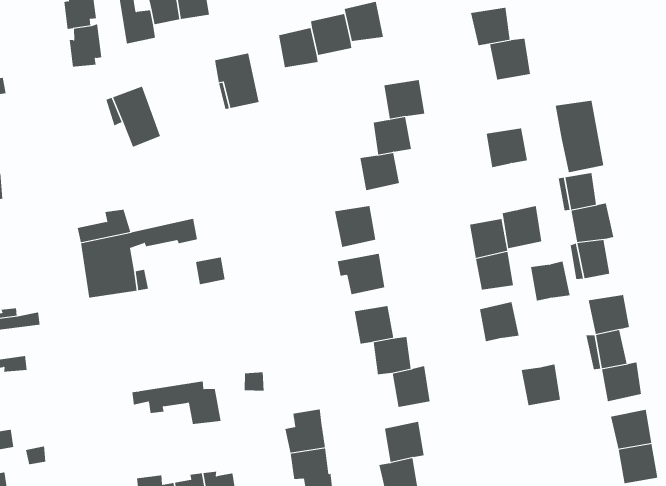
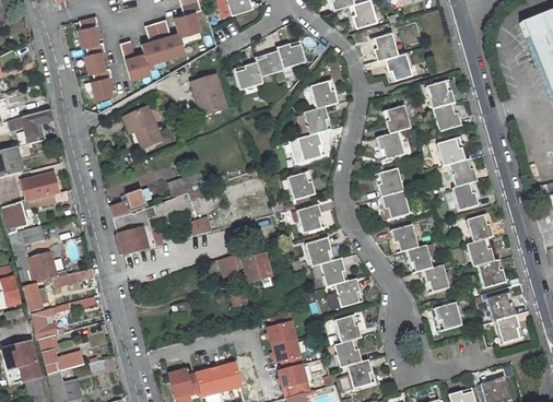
building: [502,206,542,249] -> [377,131,407,163]
building: [530,261,570,301] -> [405,245,435,274]
building: [131,381,221,424] -> [207,250,270,281]
building: none -> [432,304,461,333]

